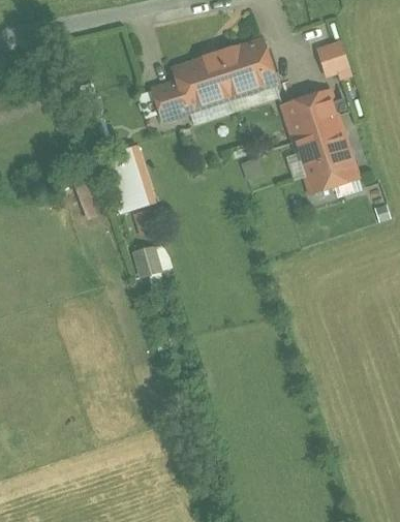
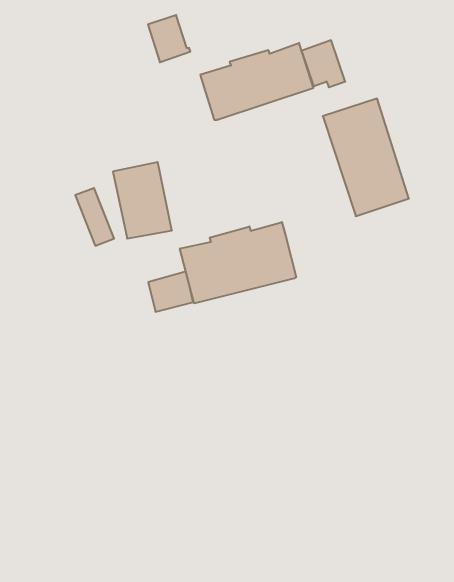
building: [312,38,350,80] -> [302,40,345,87]
building: [155,79,192,120] -> [148,15,190,62]
building: none -> [180,222,296,303]

